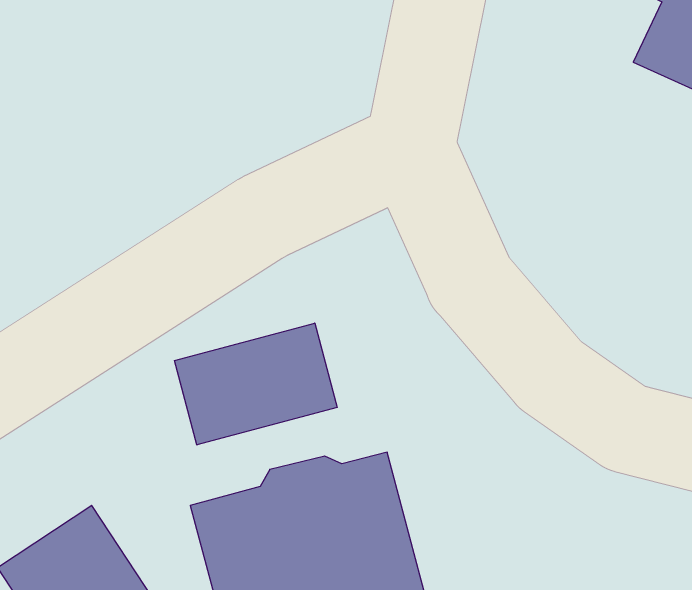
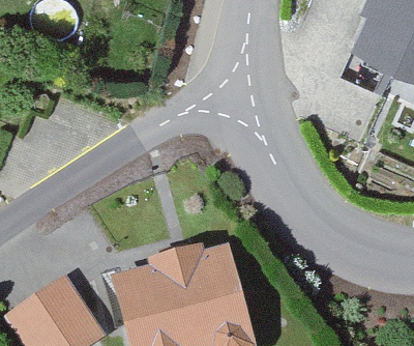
building: [174,323,337,445] -> none

